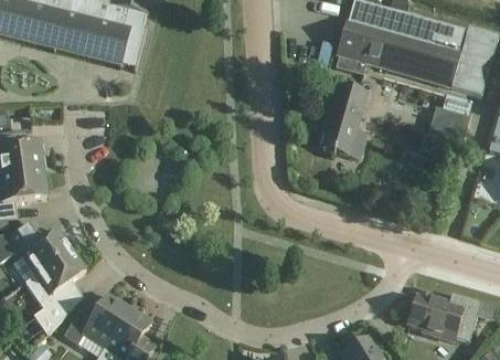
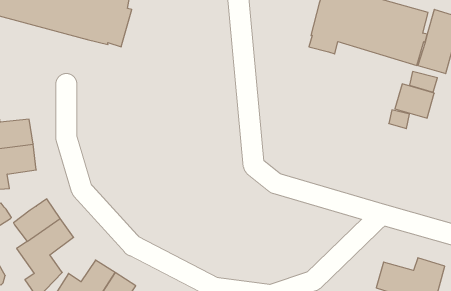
building: [322,83,366,157] -> none

